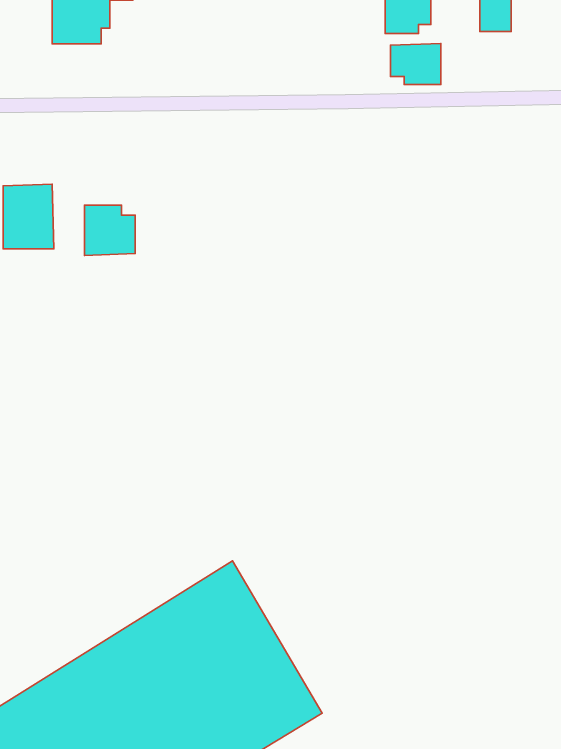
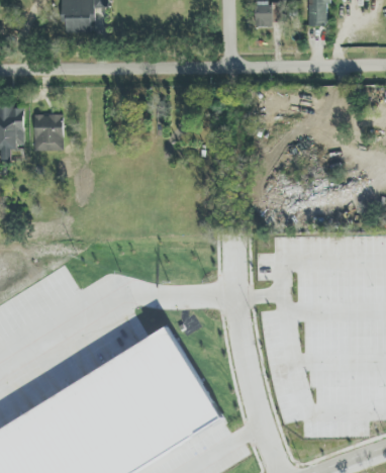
building: [391,44,441,85] -> none
building: [85,205,135,255] -> none

